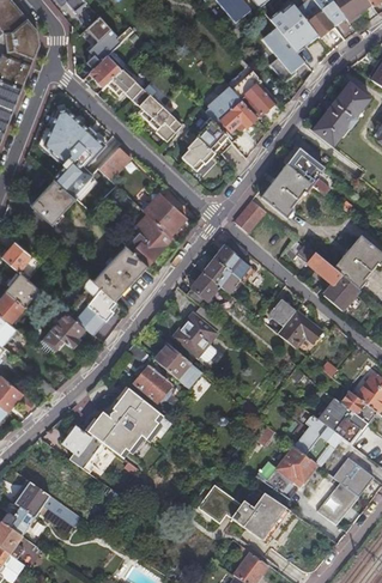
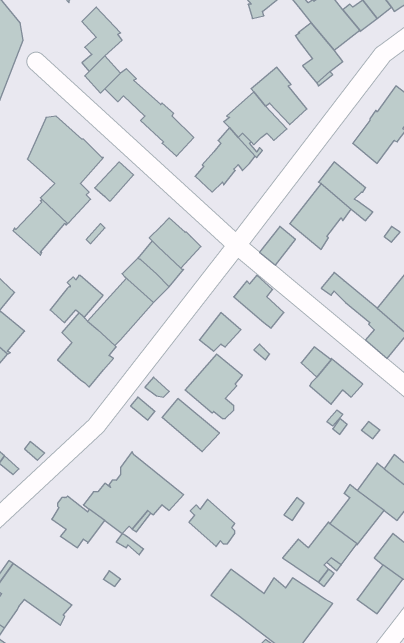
building: [204,257,239,291] -> none
building: [42,310,86,350] -> [50,275,103,323]
building: [134,363,172,402] -> [189,499,235,547]

